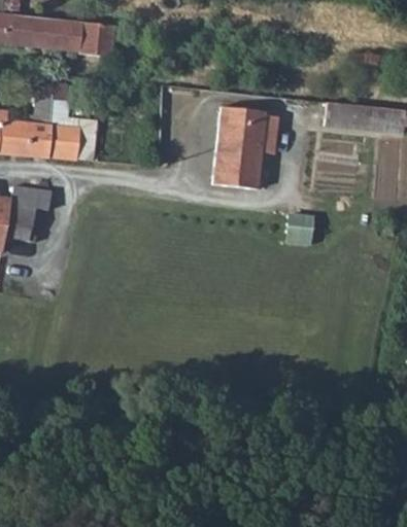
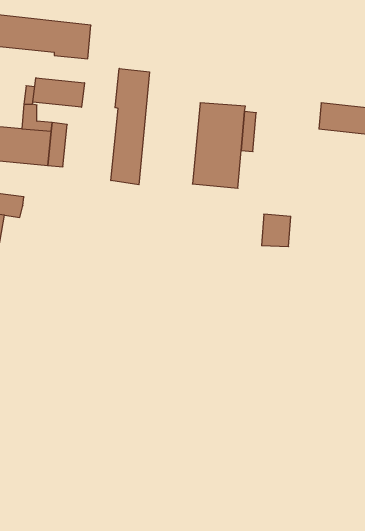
building: none -> [111,68,149,185]
building: none -> [33,78,84,107]

